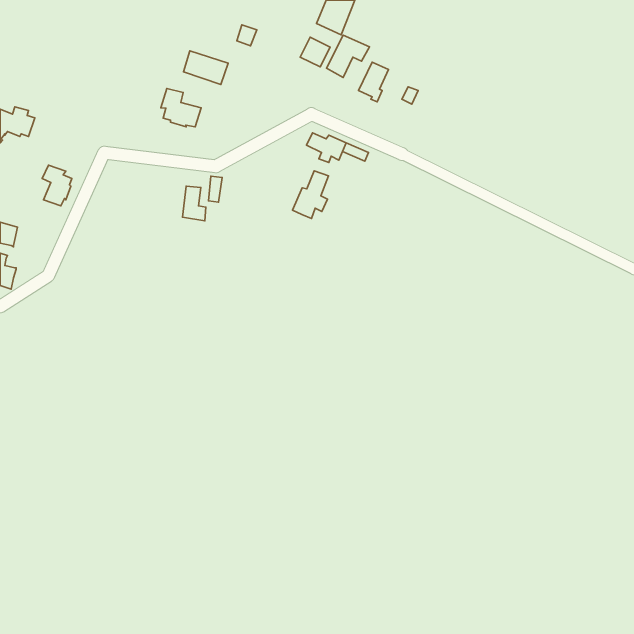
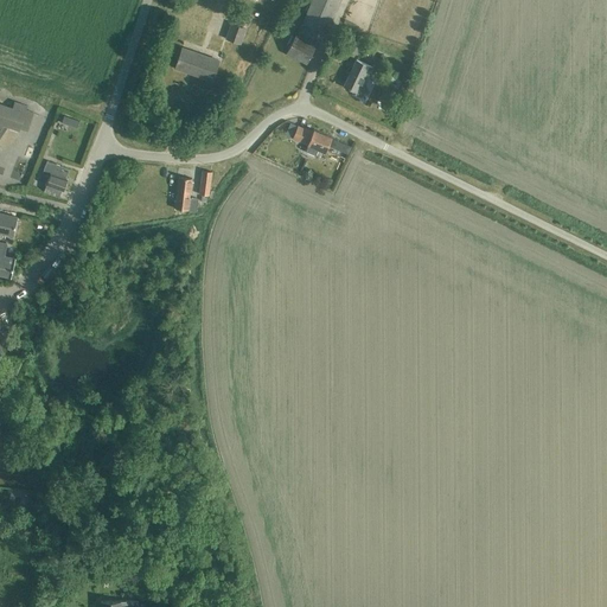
building: [327,35,369,77] -> none
building: [161,89,201,127] -> none
building: [293,171,328,218] -> none

